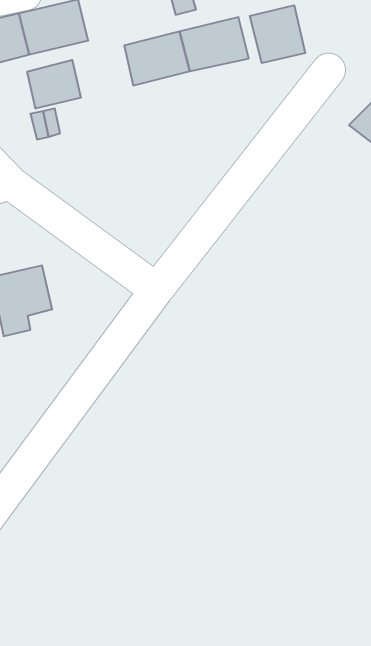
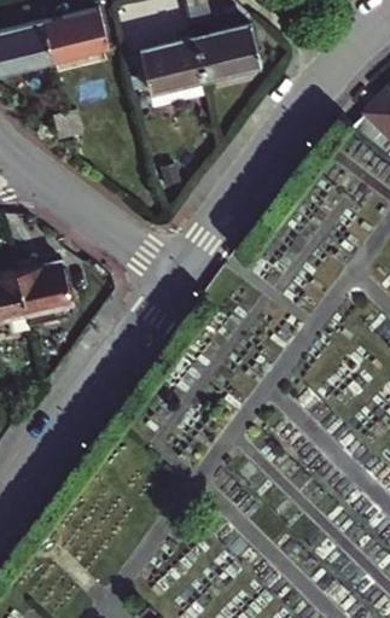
building: [250,5,305,63] -> none
building: [27,60,81,109] -> none

